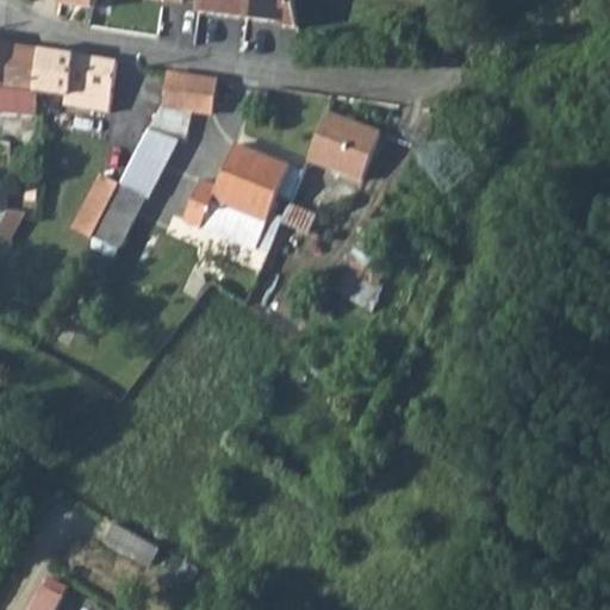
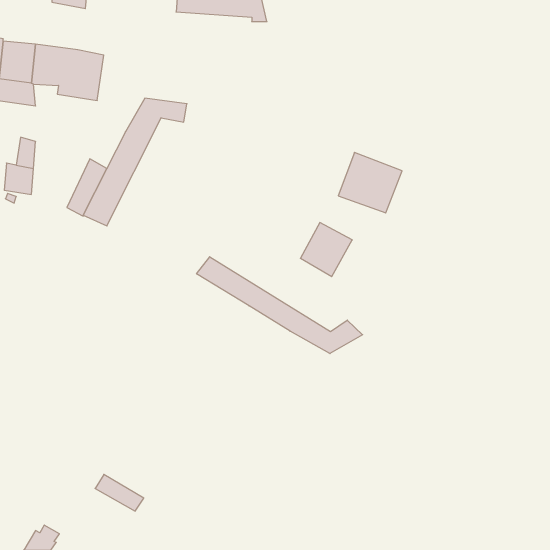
building: [160,73,216,116] -> none
building: [306,101,376,168] -> [338,152,402,213]
building: [182,142,288,248] -> none
building: none -> [197,257,363,354]

